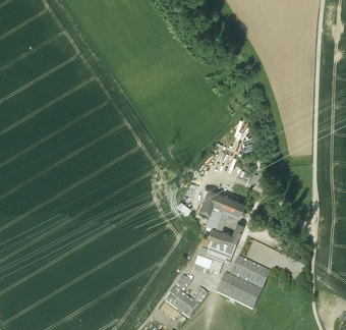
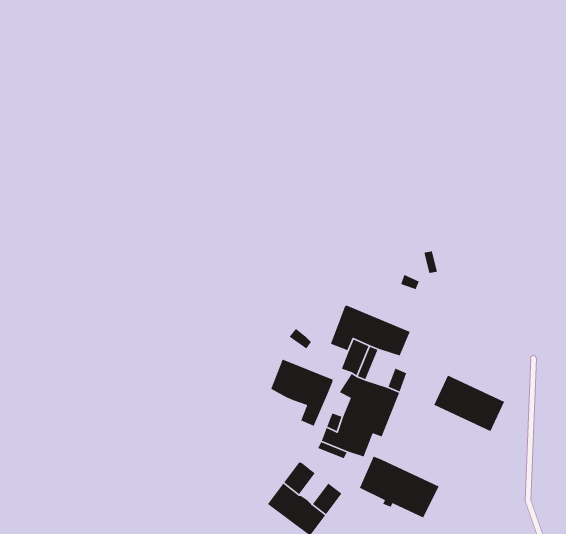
building: none -> [270,359,333,427]
building: [229,257,270,289] -> [433,375,505,432]

